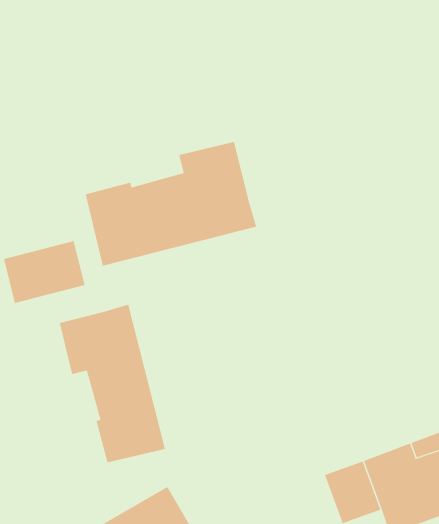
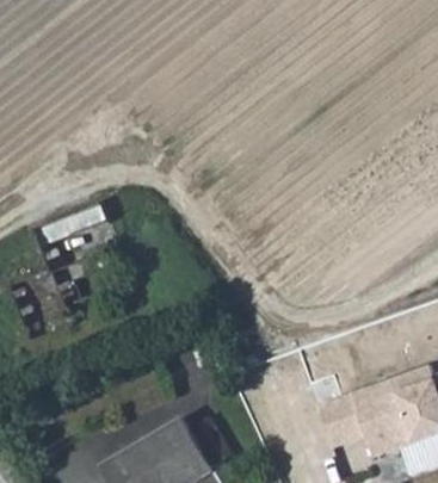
building: [85,141,257,267] -> none
building: [59,304,166,463] -> none

